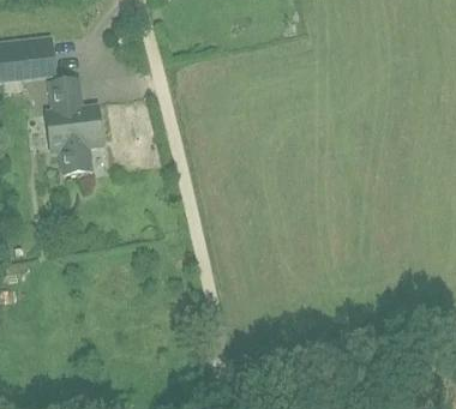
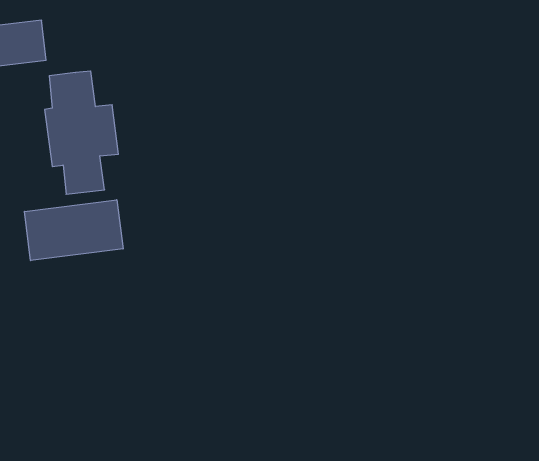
building: none -> [24,200,123,261]

